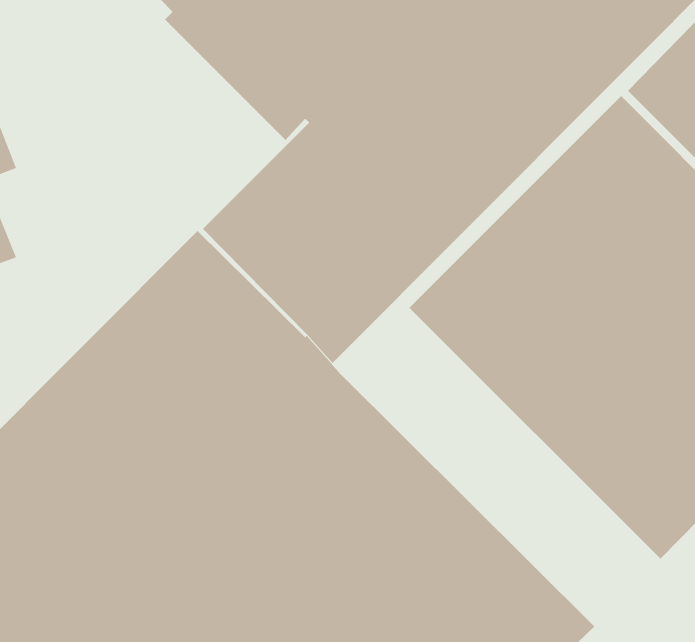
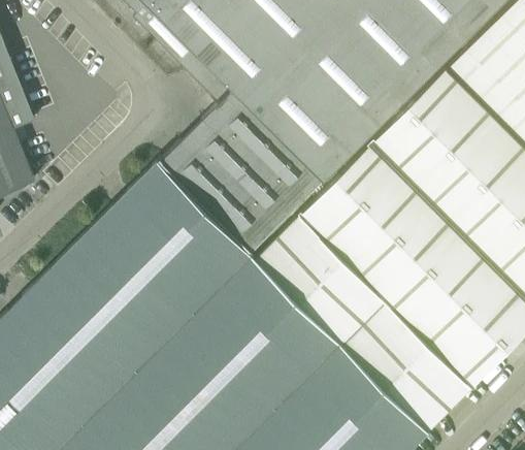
building: none -> [256,214,472,430]

